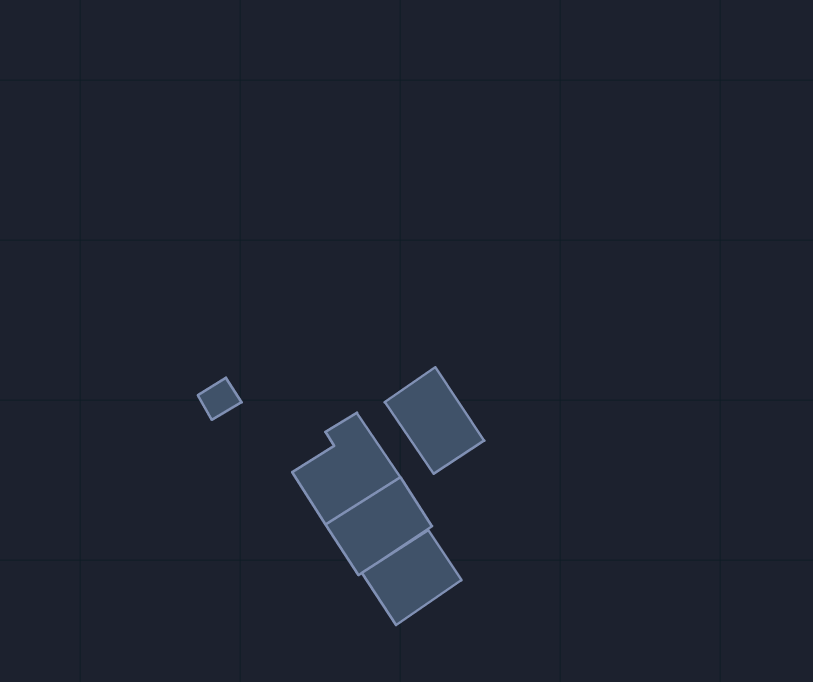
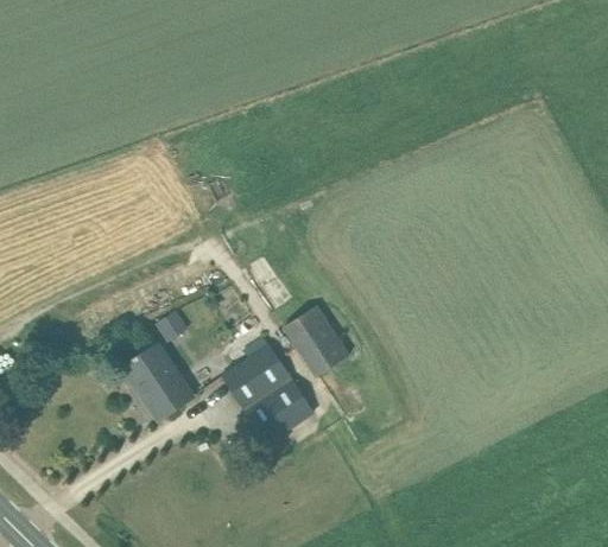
building: none -> [126,344,192,420]
building: [362,530,461,625] -> none

